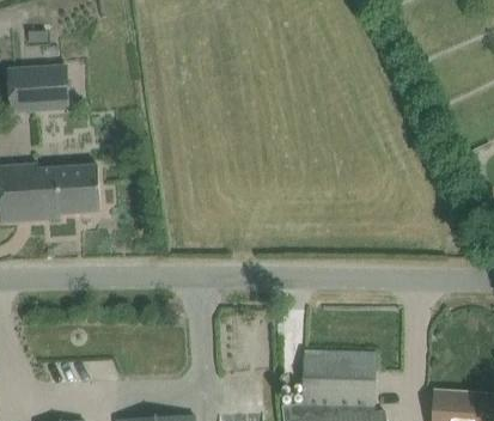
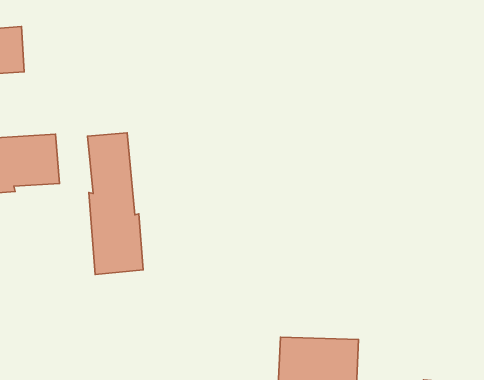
building: none -> [88,133,143,275]

